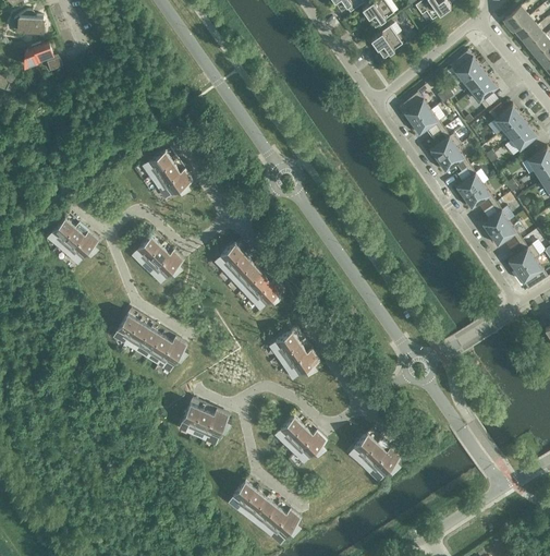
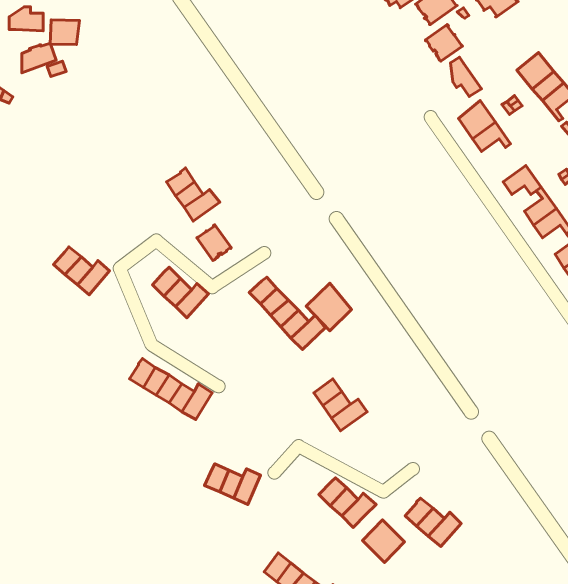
building: none -> [50,20,79,45]
building: none -> [450,57,482,97]
building: [429,130,461,162] -> none
building: none -> [197,225,231,260]
building: none -> [306,283,351,331]
building: none -> [363,520,405,562]

